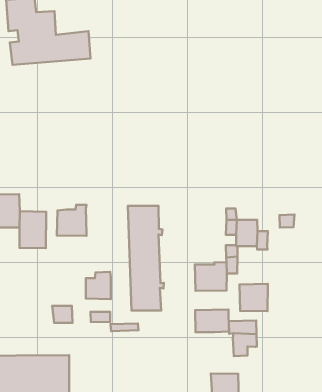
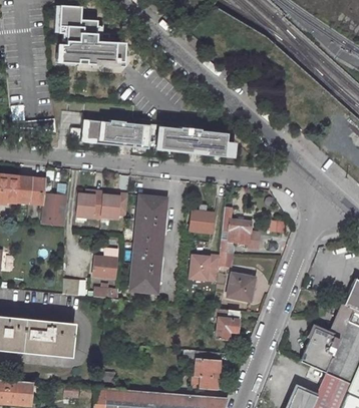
building: none -> [80,118,232,156]
building: none -> [100,194,129,220]
building: none -> [192,209,215,234]
building: [195,310,229,332] -> none

